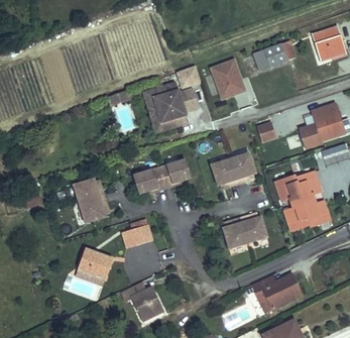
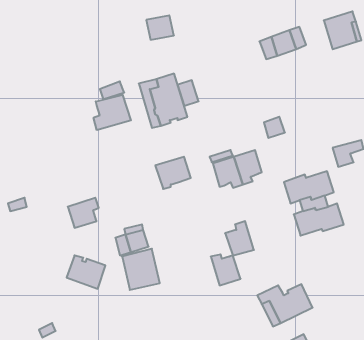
building: [211,60,245,99] -> none
building: [176,66,201,88] -> [146,15,174,40]
building: none -> [94,95,131,130]
building: [299,104,342,148] -> none
building: [132,166,165,194] -> none
building: [73,179,104,204] -> none
building: [240,215,267,243] -> [211,254,241,285]
building: [120,281,162,319] -> none

